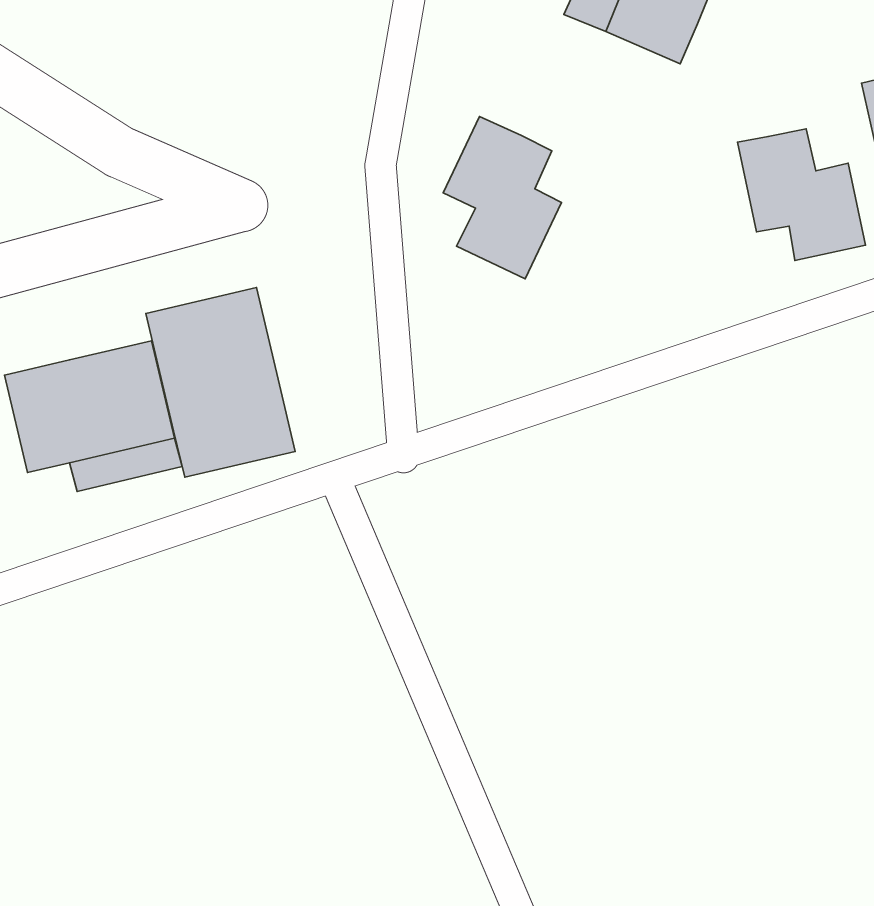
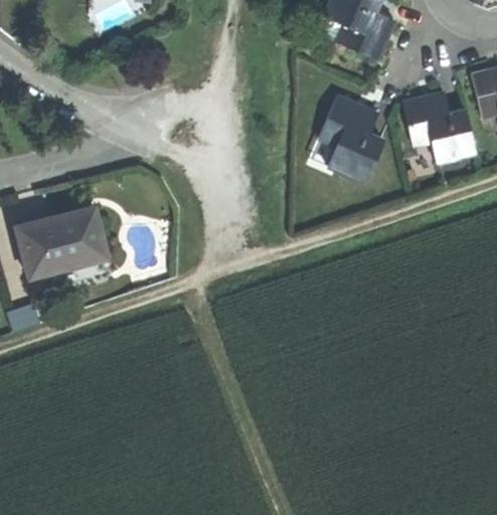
building: [443,116,562,279] -> [320,95,382,180]
building: [146,288,295,477] -> none

